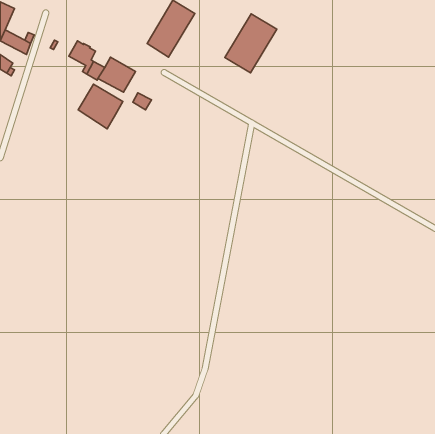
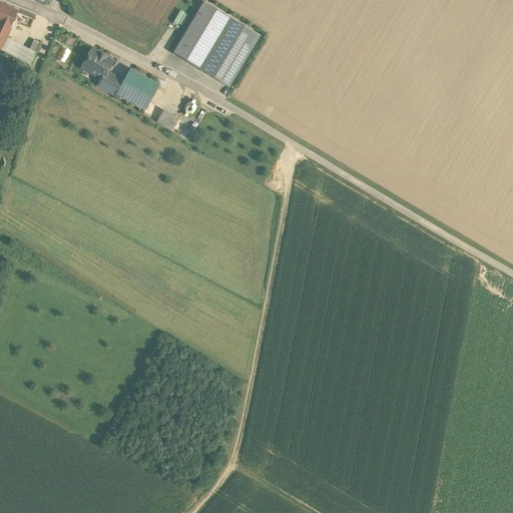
building: [225,14,277,73] -> [198,16,260,85]
building: [78,84,123,129] -> none

